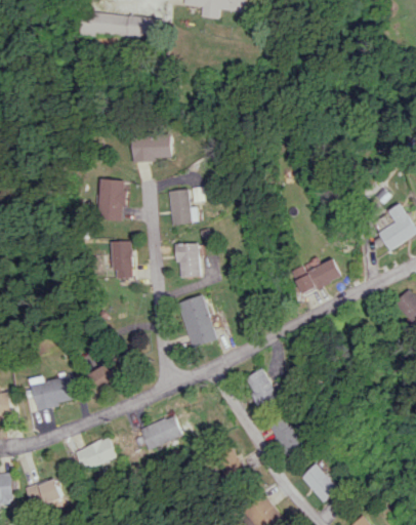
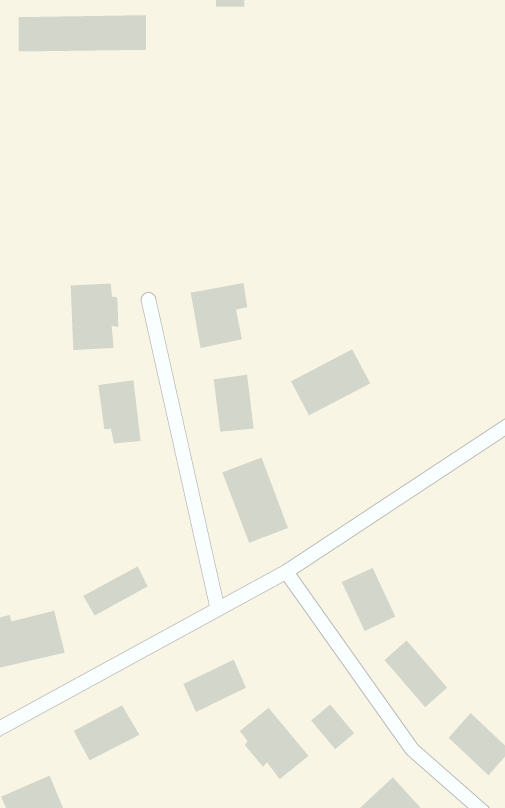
building: [131,137,172,161] -> none
building: [292,256,341,295] -> [290,348,371,416]
building: none -> [239,707,309,780]

